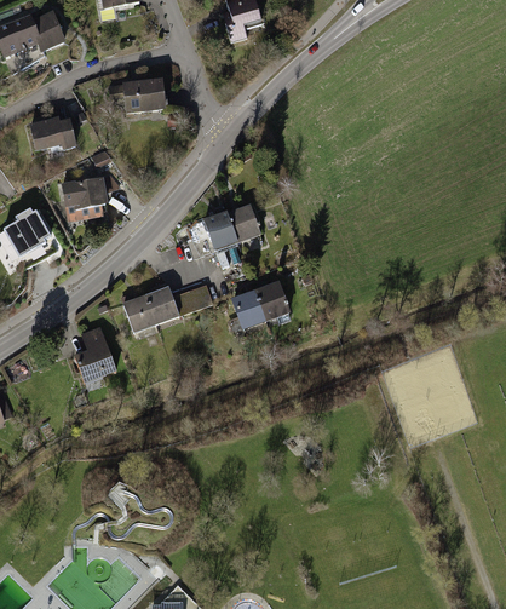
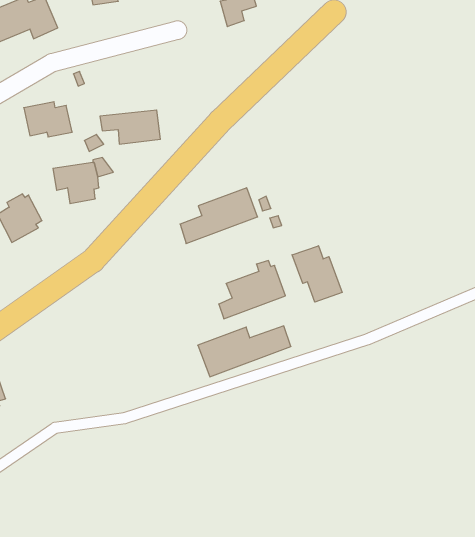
building: [107,79,167,113] -> [100,110,160,144]
building: none -> [292,246,342,302]
building: [120,283,213,334] -> [198,326,291,377]
building: [71,324,117,384] -> none

